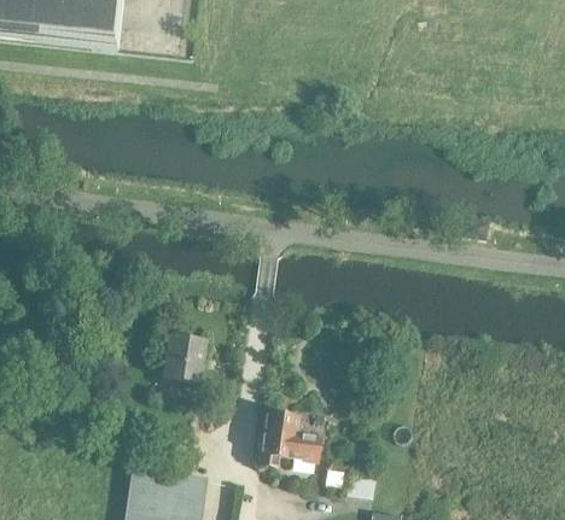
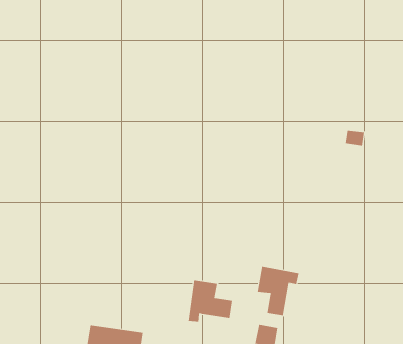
building: [165,334,216,381] -> none
building: none -> [257,266,299,316]

